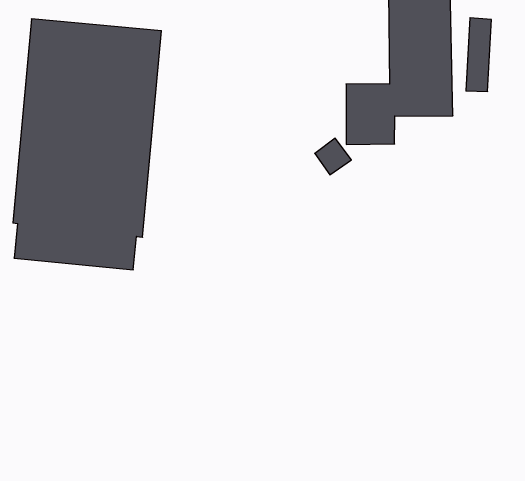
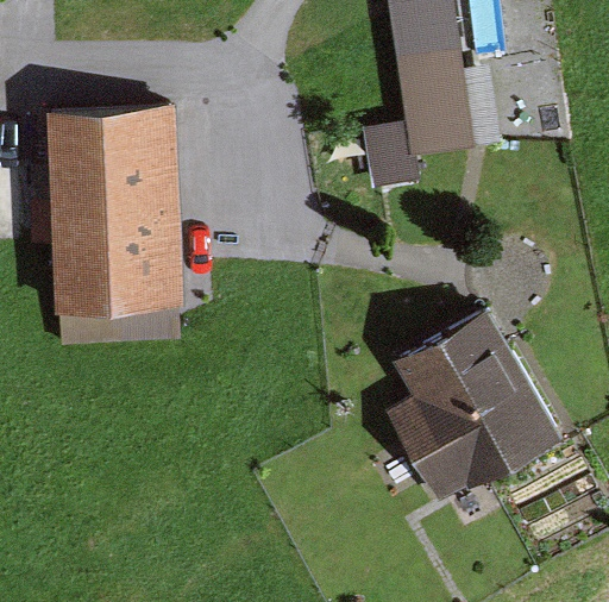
building: none -> [385,311,557,503]

